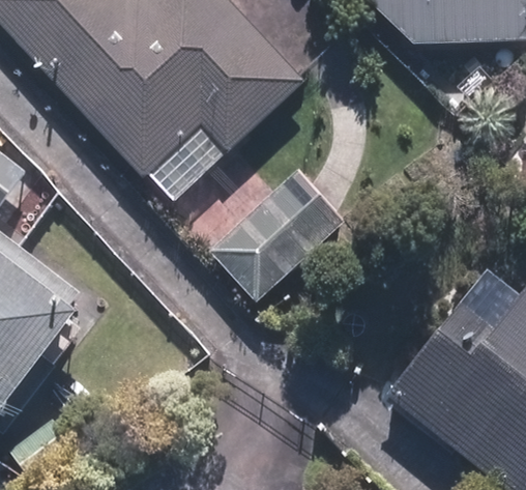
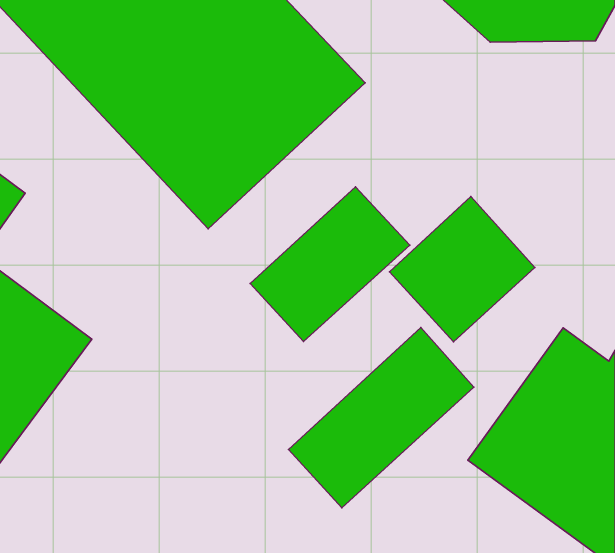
building: none -> [390,196,535,342]
building: none -> [288,328,474,508]

